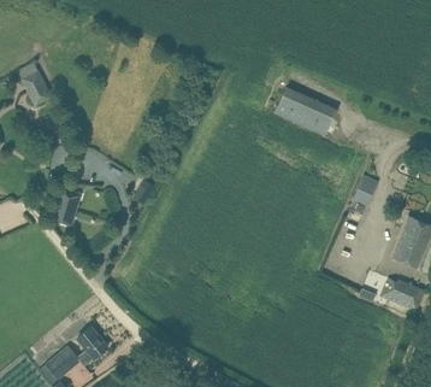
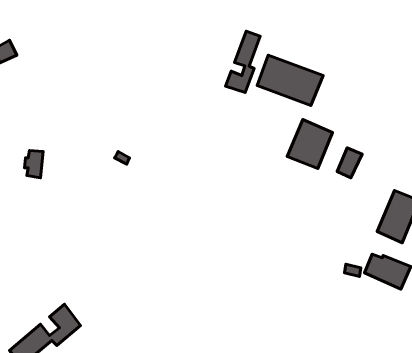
building: none -> [226,31,260,92]
building: none -> [287,120,333,169]

